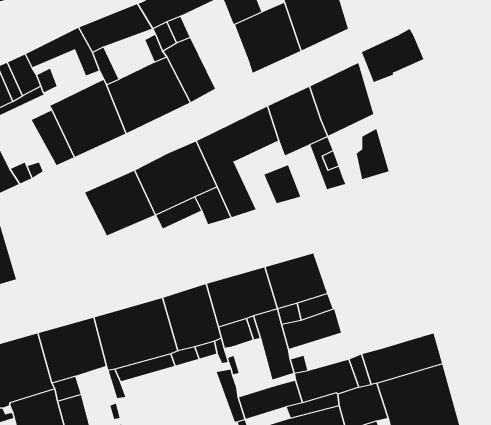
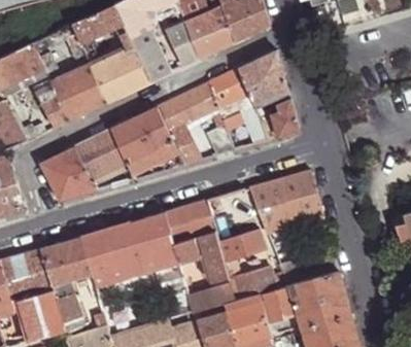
building: none -> [162,21,198,66]
building: [361,28,424,83] -> none
building: none -> [40,145,95,200]
building: none -> [250,170,322,252]

